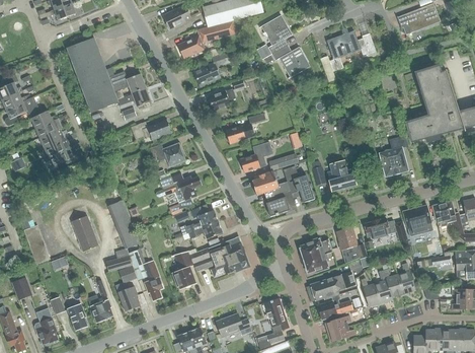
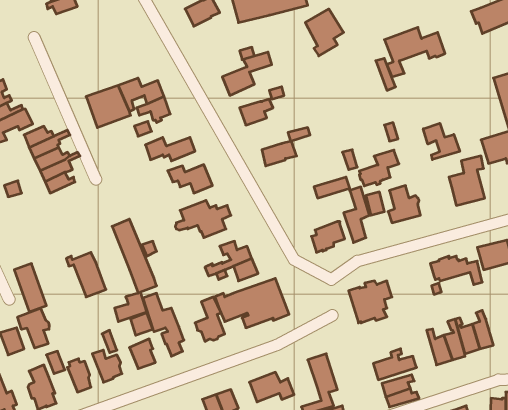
building: [177,20,235,58] -> none
building: [67,38,108,87] -> none
building: [272,45,311,78] -> none
building: none -> [423,123,460,160]
building: [240,142,272,171] -> [359,150,399,186]
building: [252,171,288,197] -> none
building: [336,227,367,258] -> none
building: none -> [18,308,49,348]
building: [310,272,355,300] -> none

